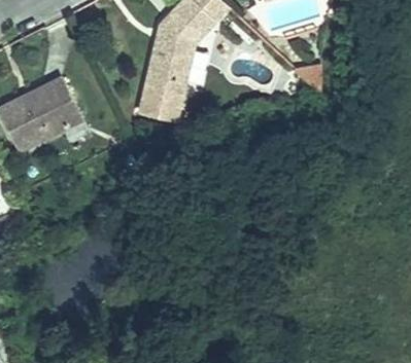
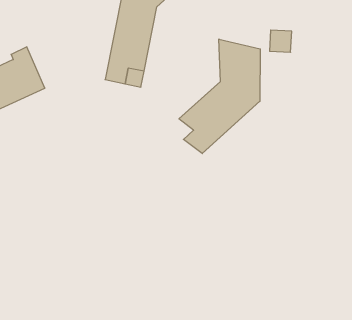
building: none -> [179,39,260,154]

